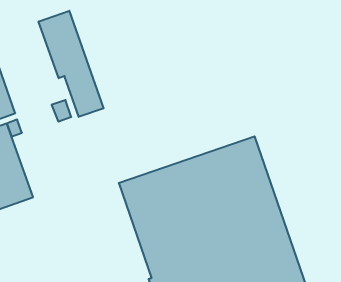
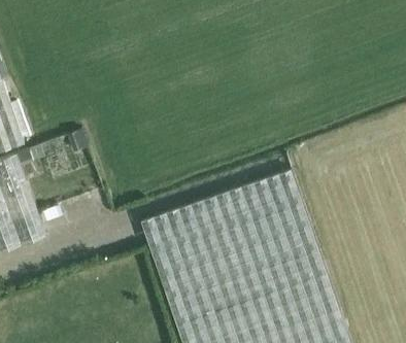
building: [39,11,104,117] -> none

